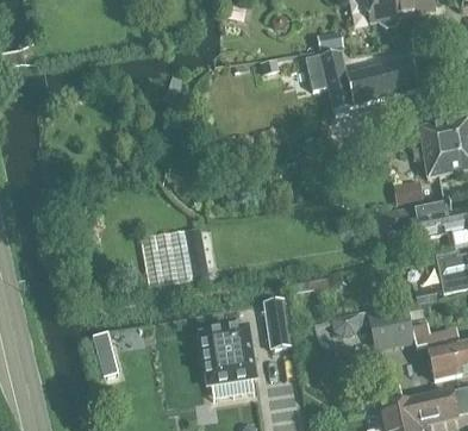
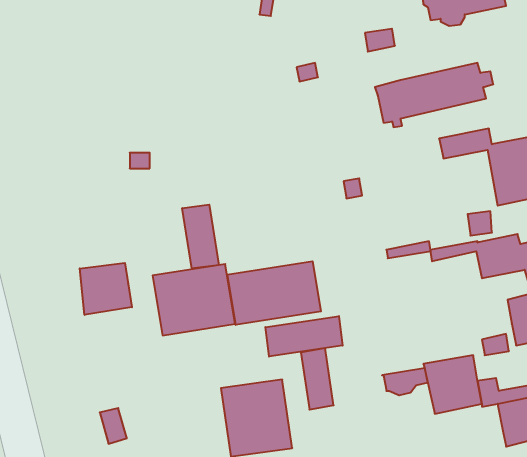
building: [306,50,347,89] -> none
building: none -> [182,205,219,269]
building: none -> [227,261,321,325]
building: none -> [80,263,132,315]
building: none -> [265,316,343,357]

